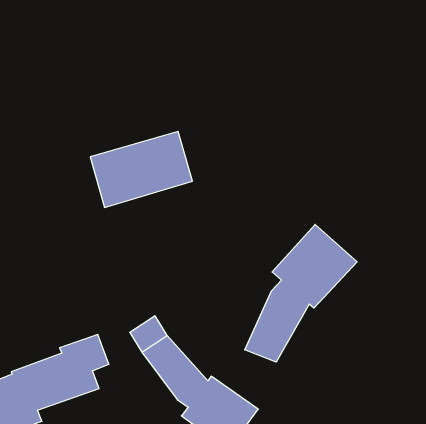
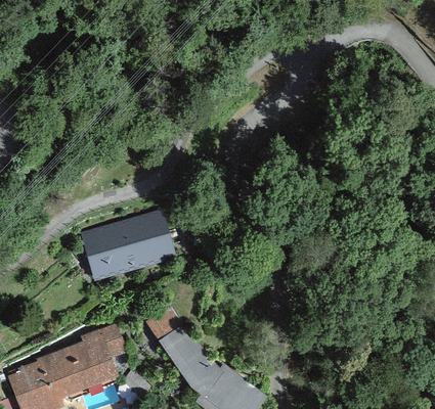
building: [90,132,192,207] -> [81,211,176,281]
building: [245,224,357,362] -> none

